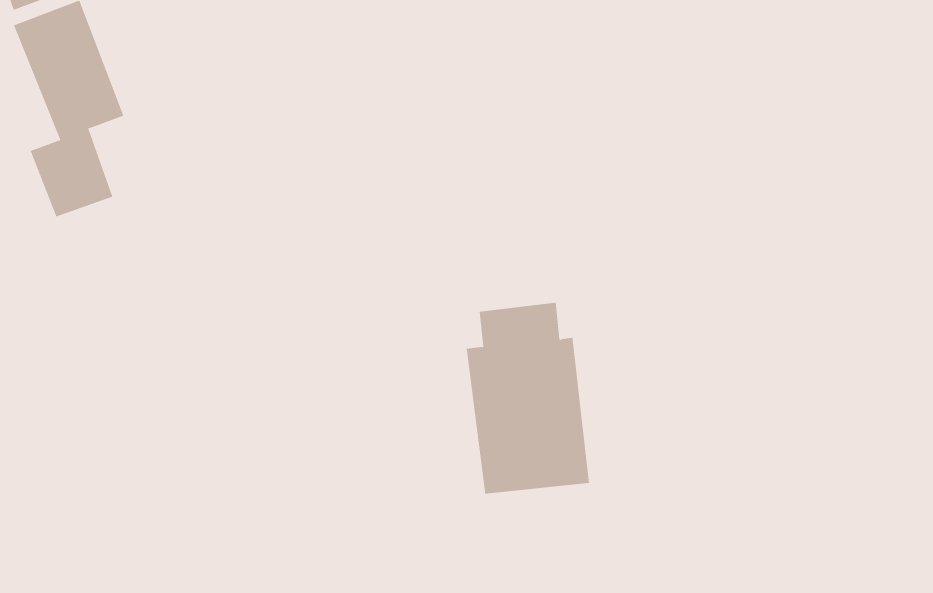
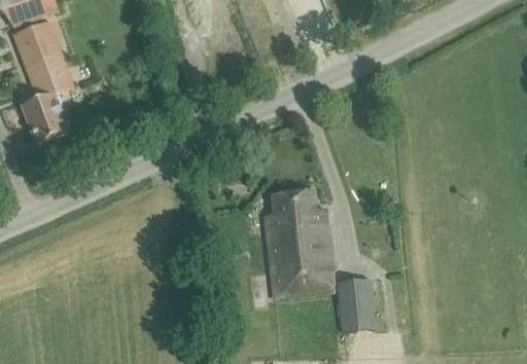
building: none -> [337,279,375,331]

